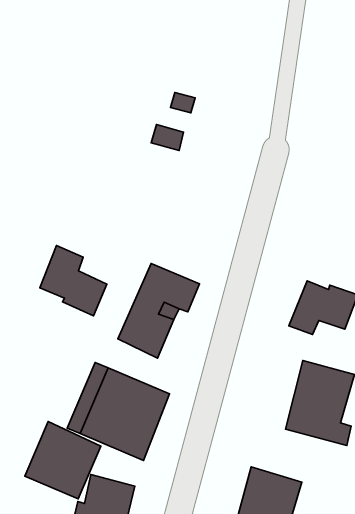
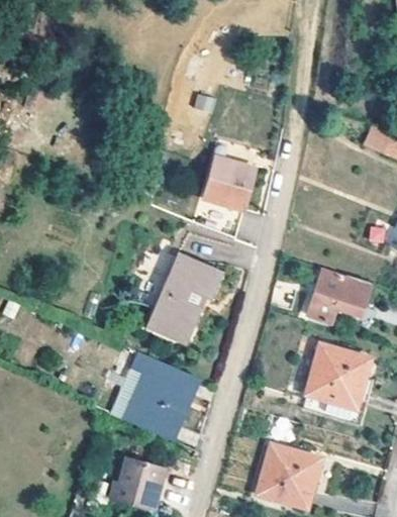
building: none -> [206,159,256,210]
building: [40,245,107,316] -> none
building: [25,422,101,499] -> none

